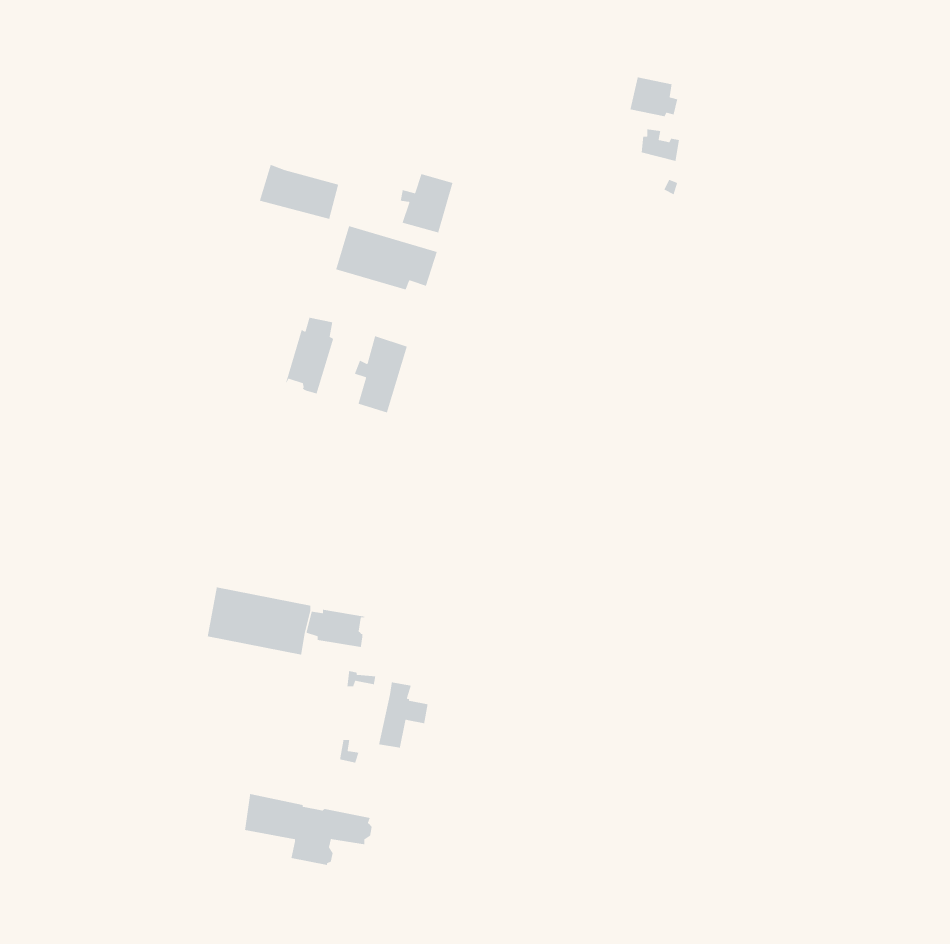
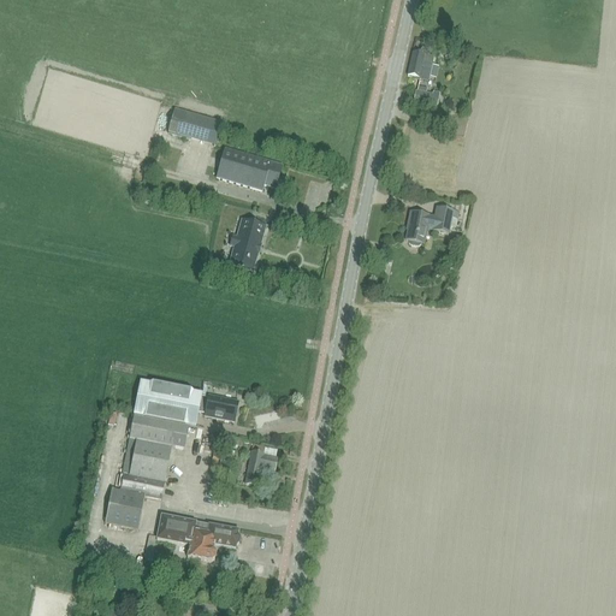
building: [400,173,454,233] -> none
building: [285,317,334,395] -> none
building: none -> [407,206,460,244]
building: none -> [106,414,189,527]

